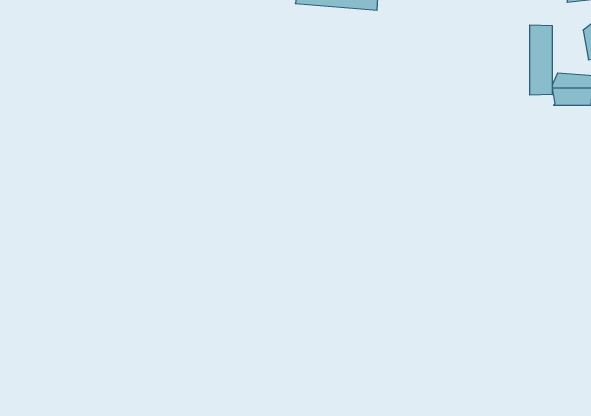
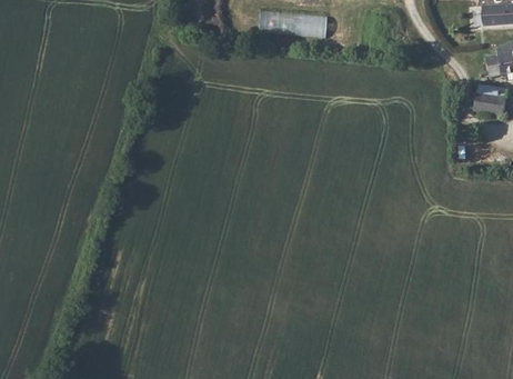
building: [530,25,552,95] -> none

